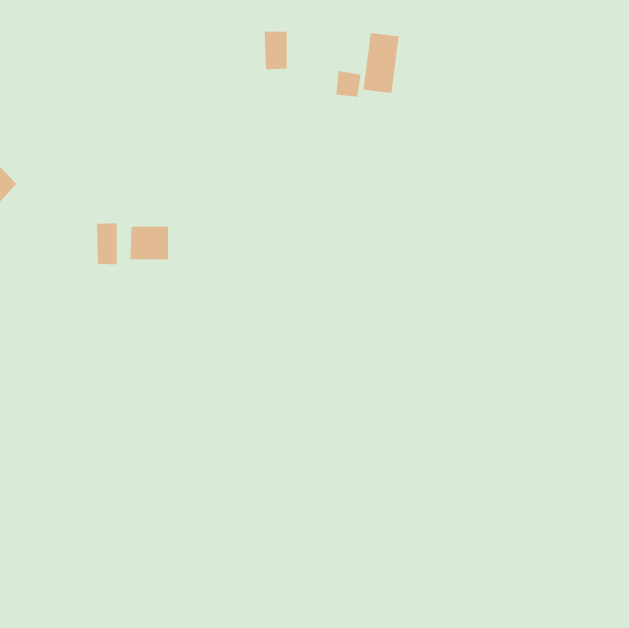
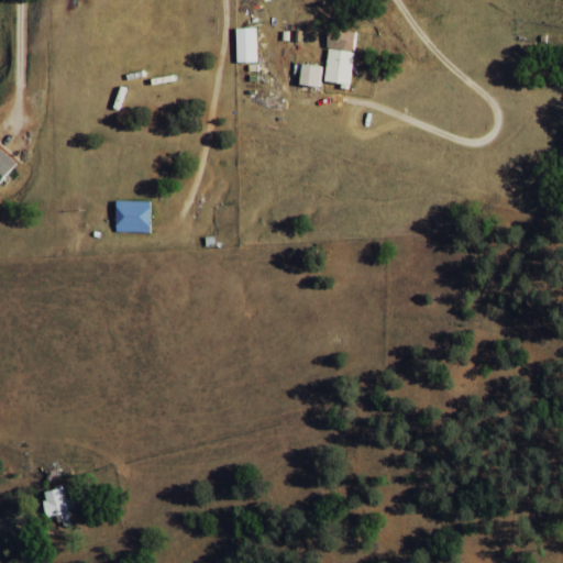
building: [96,222,117,265] -> none
building: none -> [42,486,70,525]

